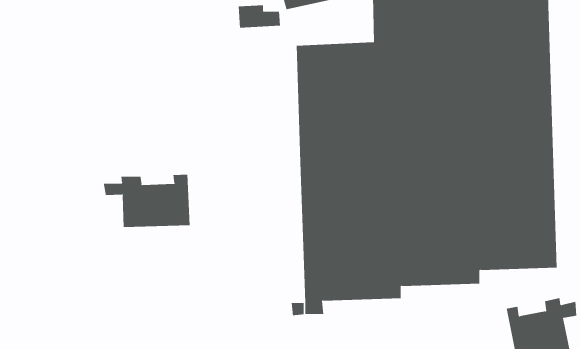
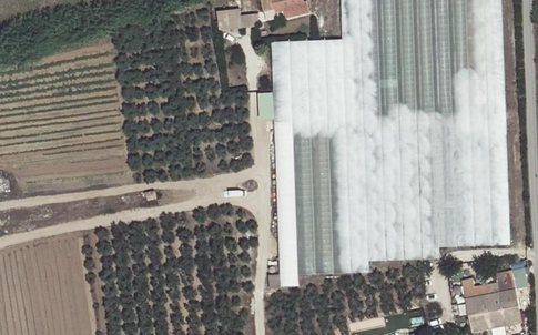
building: [103,174,190,228] -> none

